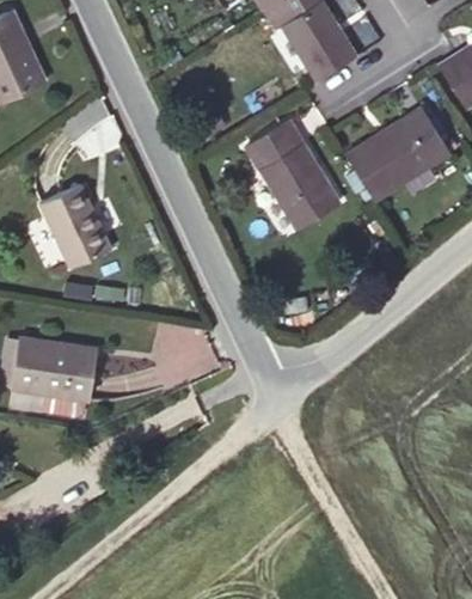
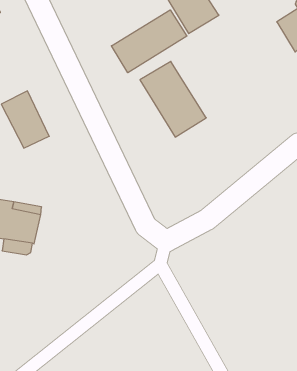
building: none -> [111,10,187,73]
building: [342,114,447,208] -> none

